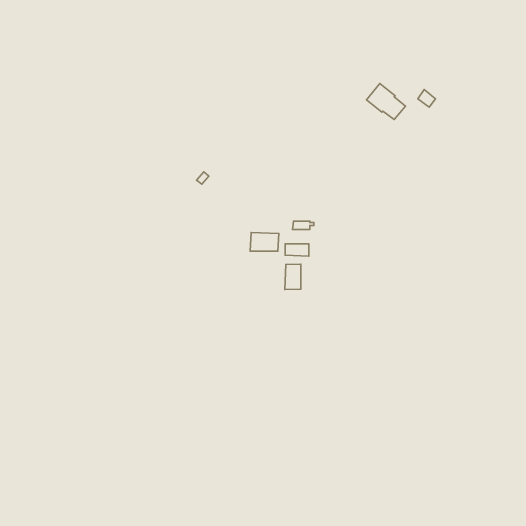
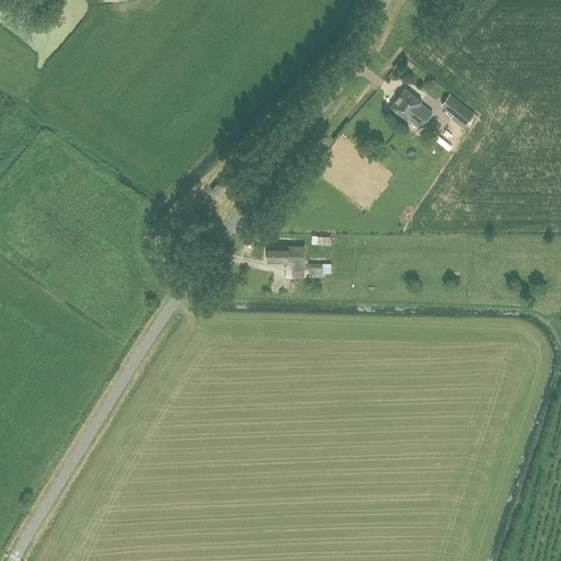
building: [285,264,301,289] -> none

